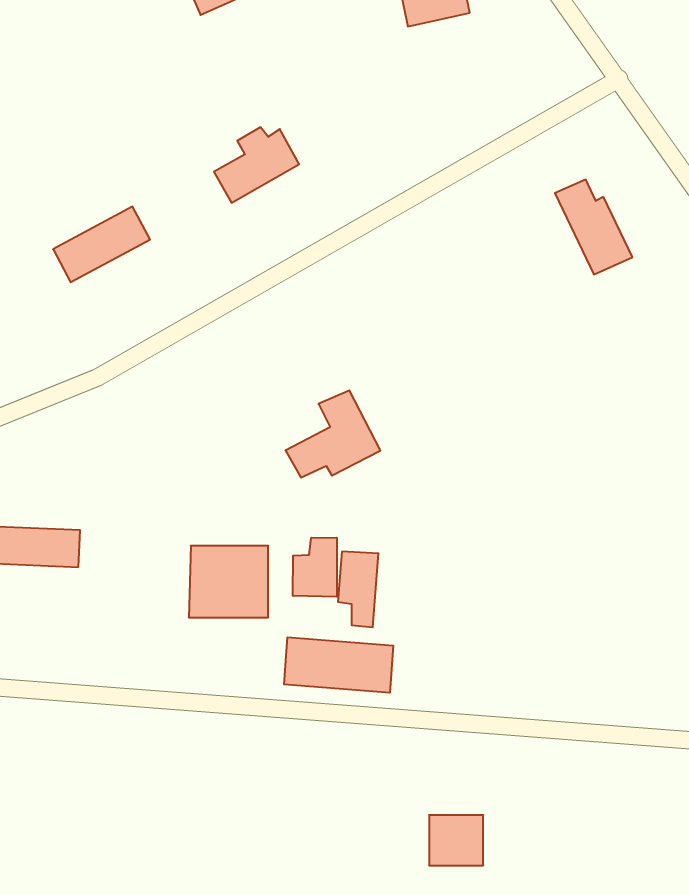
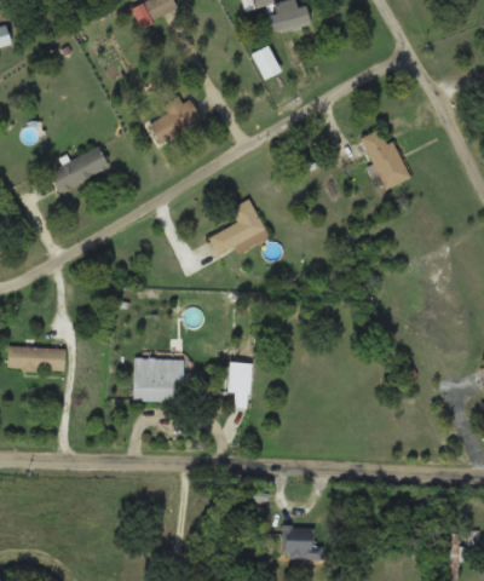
building: none -> [250,45,281,80]
building: [285,390,380,478] -> [208,200,267,254]
building: [293,538,337,597] -> none
building: [284,637,393,693] -> none

